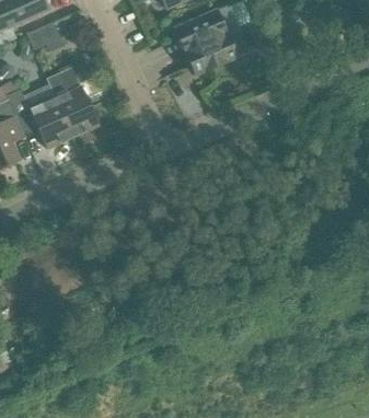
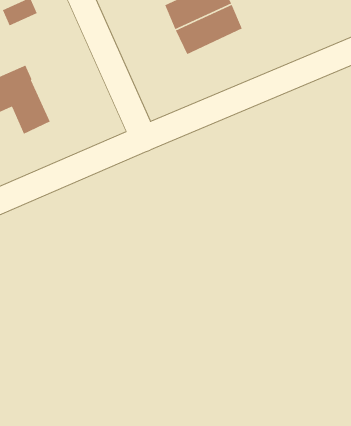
building: [45,67,97,136] -> none

